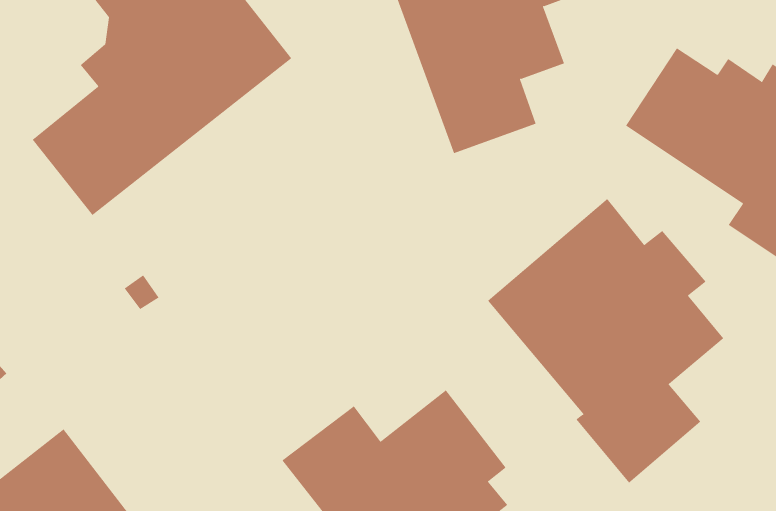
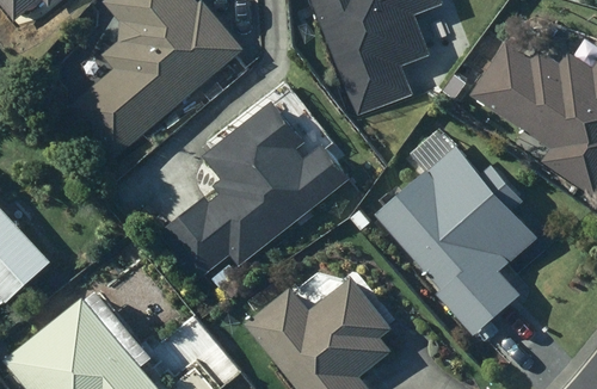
building: none -> [160,103,343,272]

